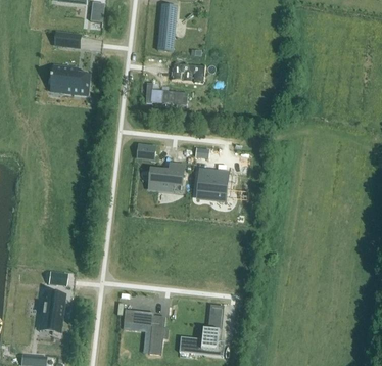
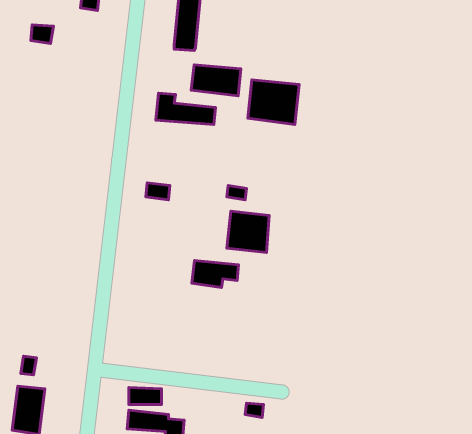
building: [50,67,88,95] -> none
building: none -> [248,80,299,124]
building: [149,171,183,190] -> [192,261,239,288]

